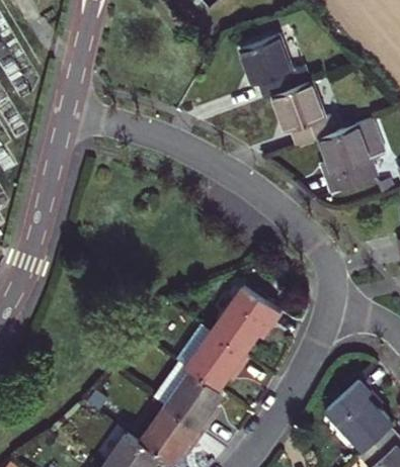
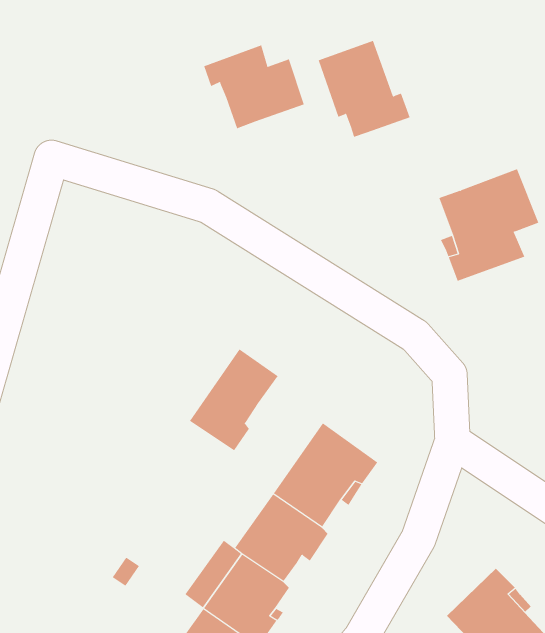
building: none -> [203,44,304,129]
building: [272,82,333,147] -> none
building: none -> [189,349,278,451]

